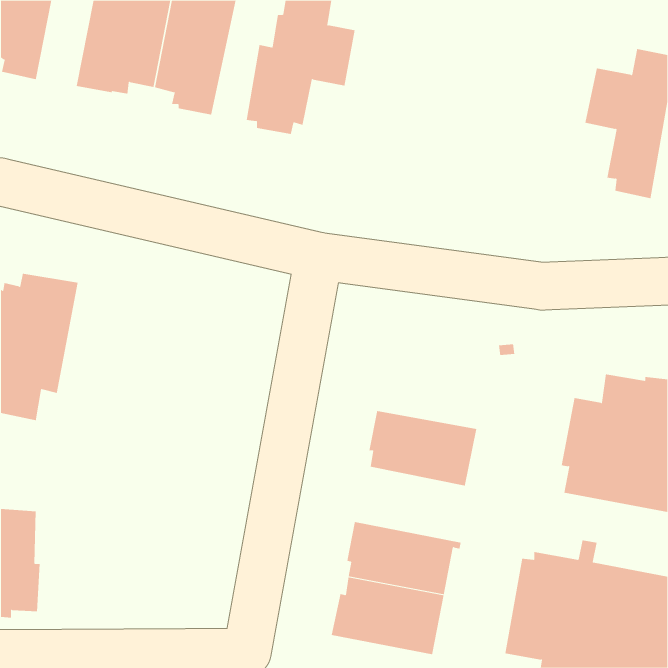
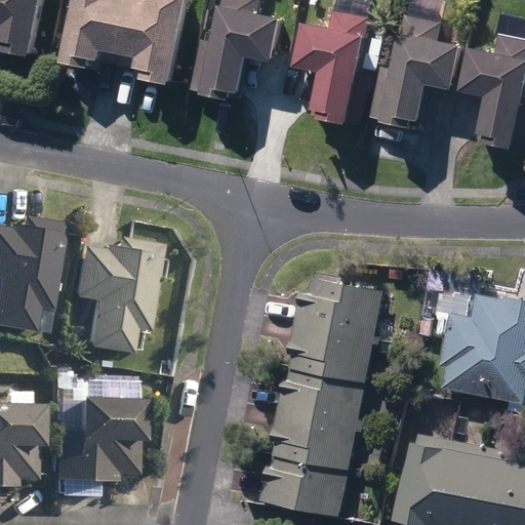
building: none -> [292,14,370,129]
building: none -> [371,17,460,132]
building: none -> [68,235,156,352]
building: none -> [295,276,383,336]
building: none -> [278,366,365,426]
building: none -> [49,383,133,480]

